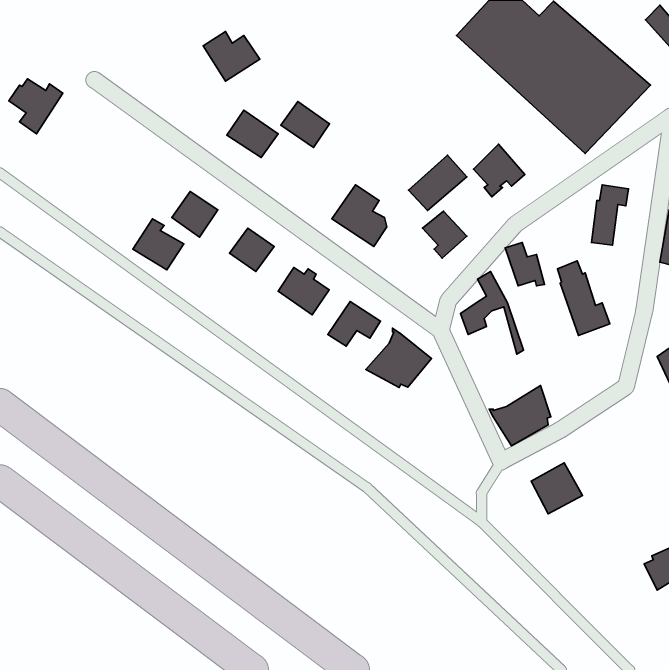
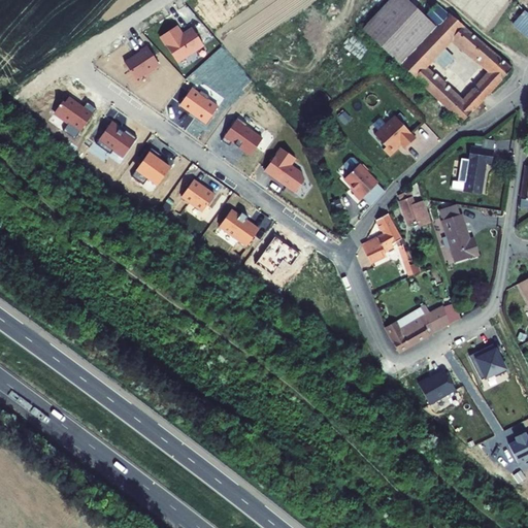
building: none -> [125,46,161,81]
building: [9,79,63,134] -> [56,97,98,140]
building: [281,102,329,147] -> [225,120,263,156]
building: [408,155,467,210] -> none
building: [133,219,184,270] -> [97,119,137,159]
building: [366,328,432,387] -> none
building: none -> [426,299,459,328]
building: none -> [473,343,508,381]

